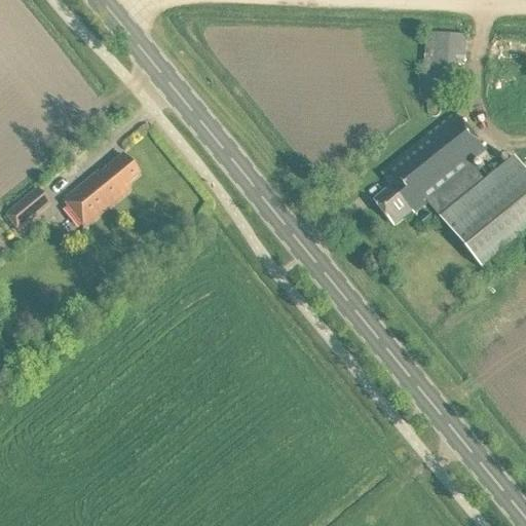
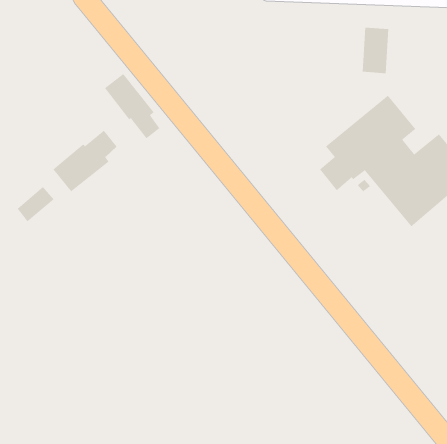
building: none -> [104,73,160,139]
building: [5,186,49,228] -> [17,186,54,222]

